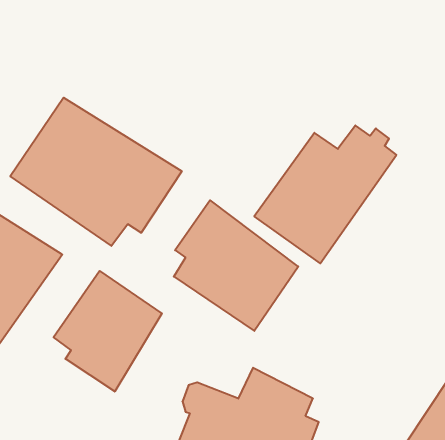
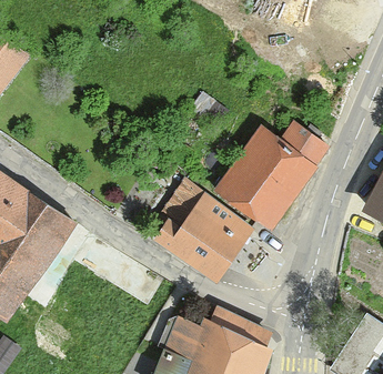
building: [10,98,182,246] -> none
building: [54,271,162,392] -> none

